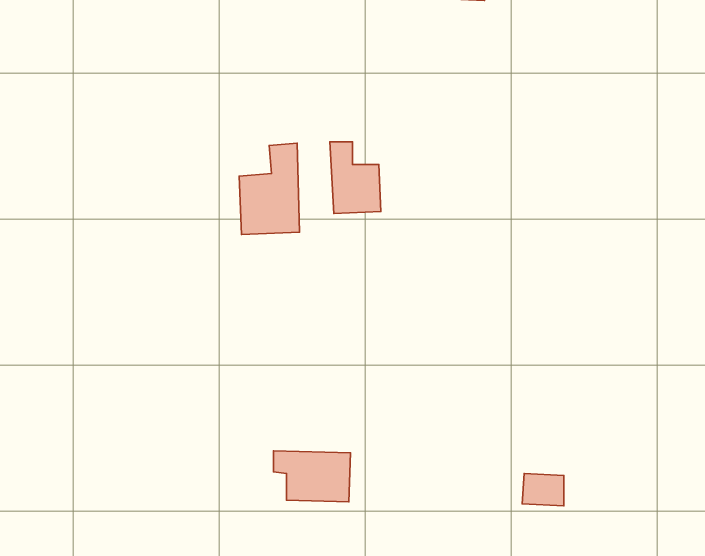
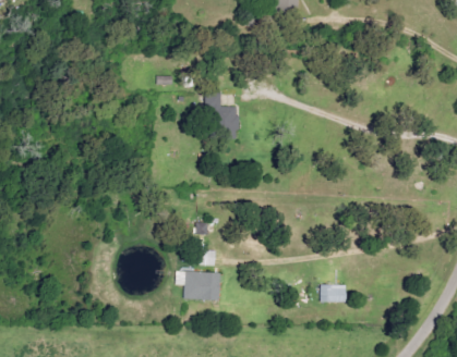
building: [239,143,300,235] -> none

